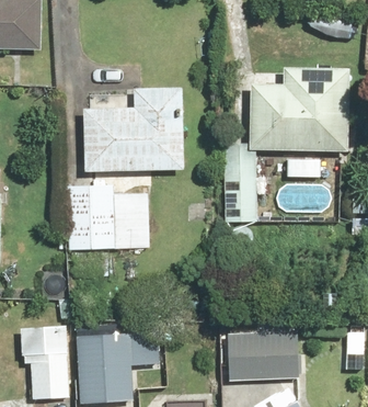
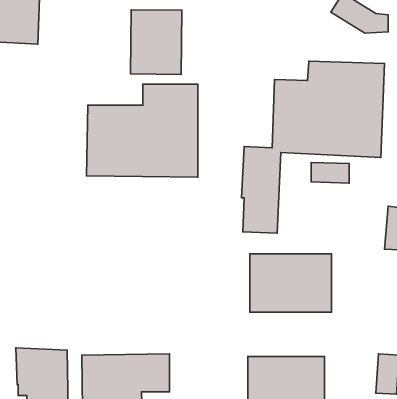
building: none -> [131,10,182,74]
building: [65,184,149,251] -> none
building: none -> [250,254,331,312]

